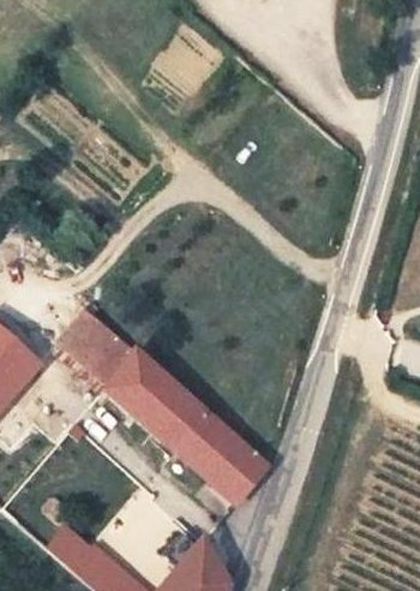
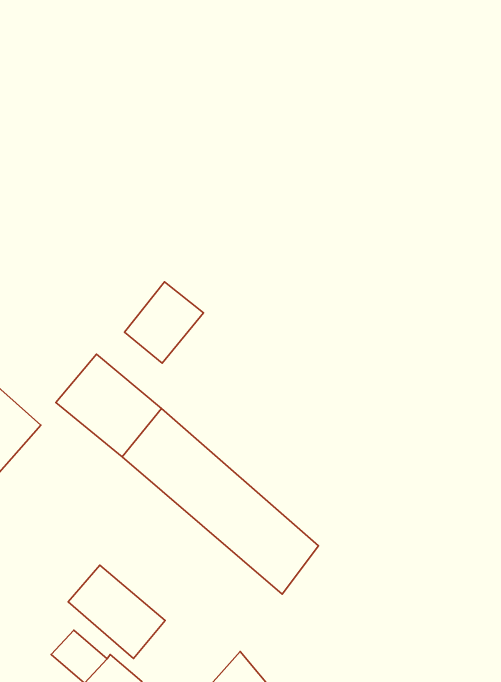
building: none -> [124,282,203,363]
building: none -> [68,565,165,658]

